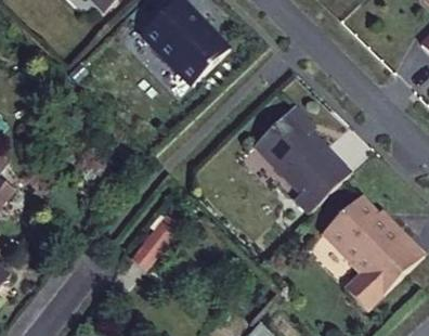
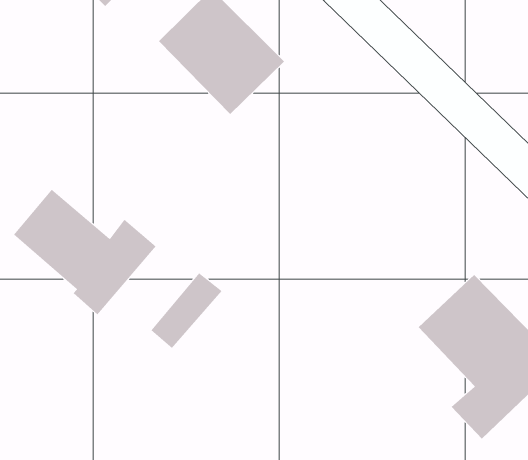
building: [256,107,351,215] -> none
building: none -> [13,189,157,315]

